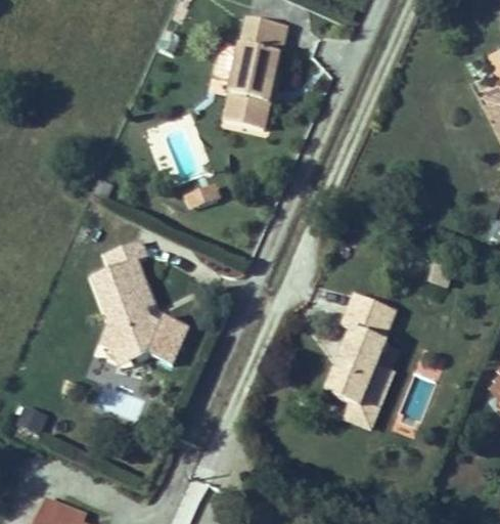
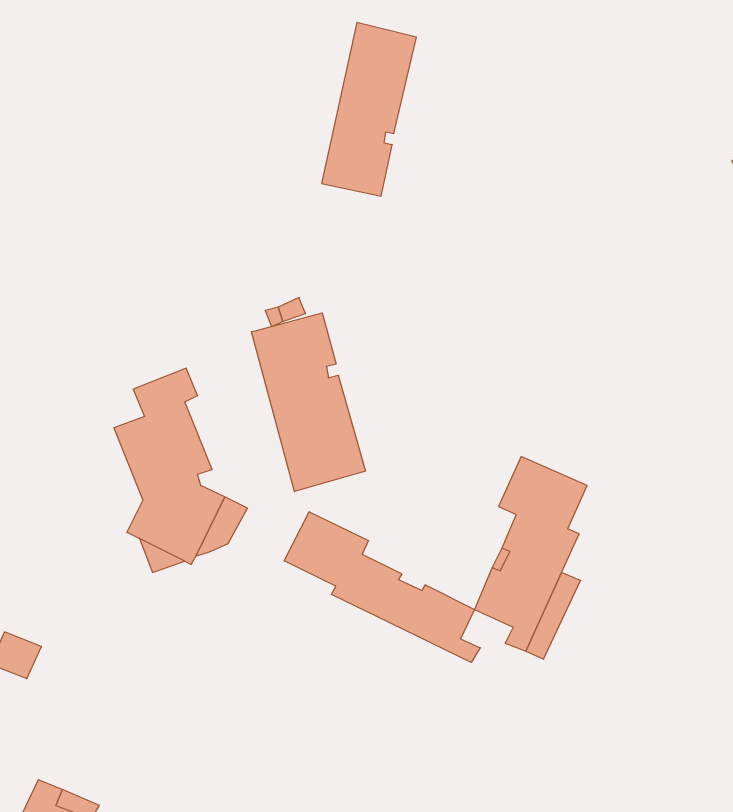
building: none -> [251,313,365,492]
building: none -> [284,512,480,662]

